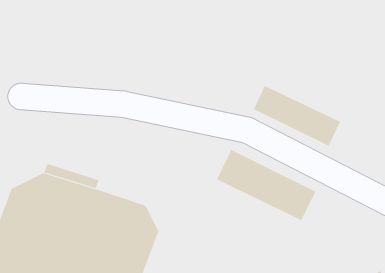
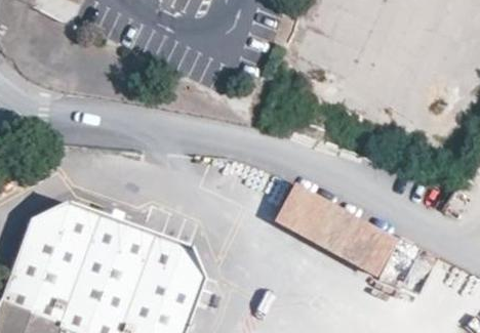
building: [253,85,341,146] -> none

